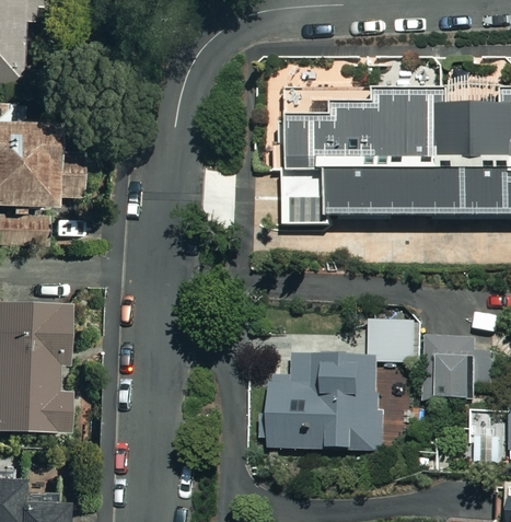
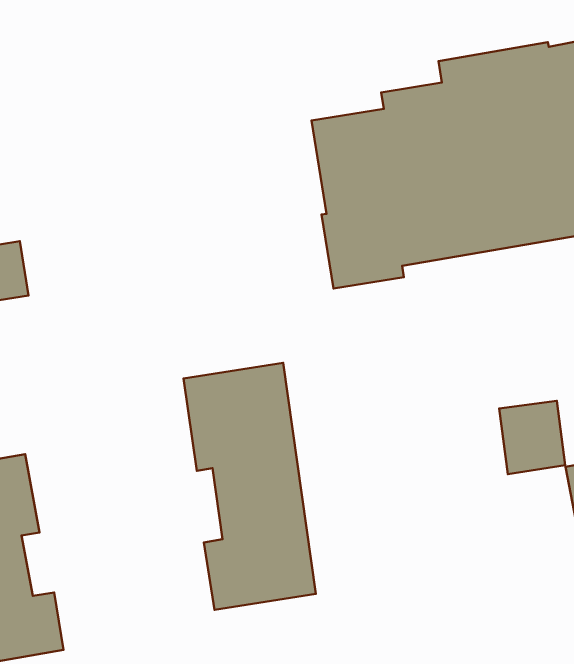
building: none -> [183,363,316,610]
building: [268,353,384,450] -> none

